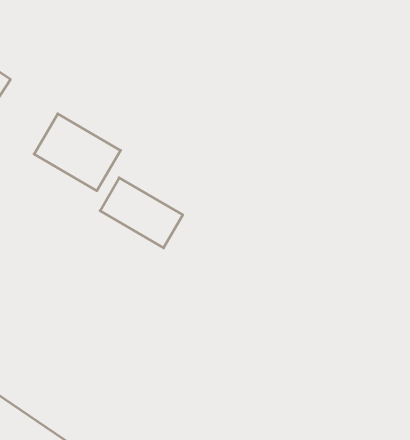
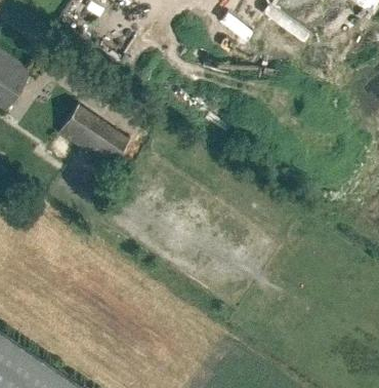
building: [100,178,183,248] -> none

